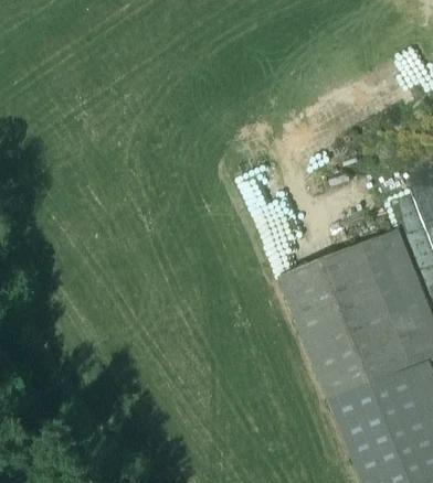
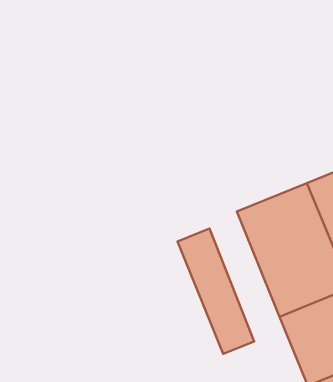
building: none -> [177,229,254,354]

